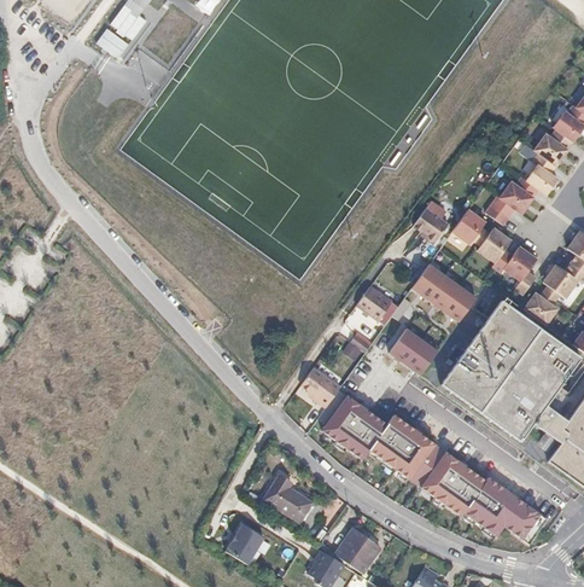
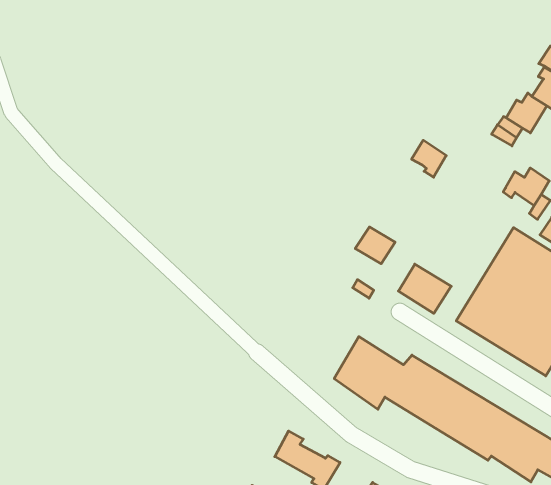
building: [451,208,484,243] -> none
building: [477,227,510,262] -> none
building: [410,262,475,321] -> none
building: [294,374,334,413] -> none

